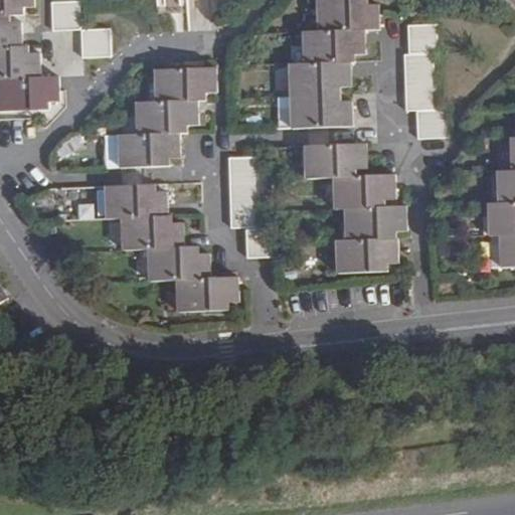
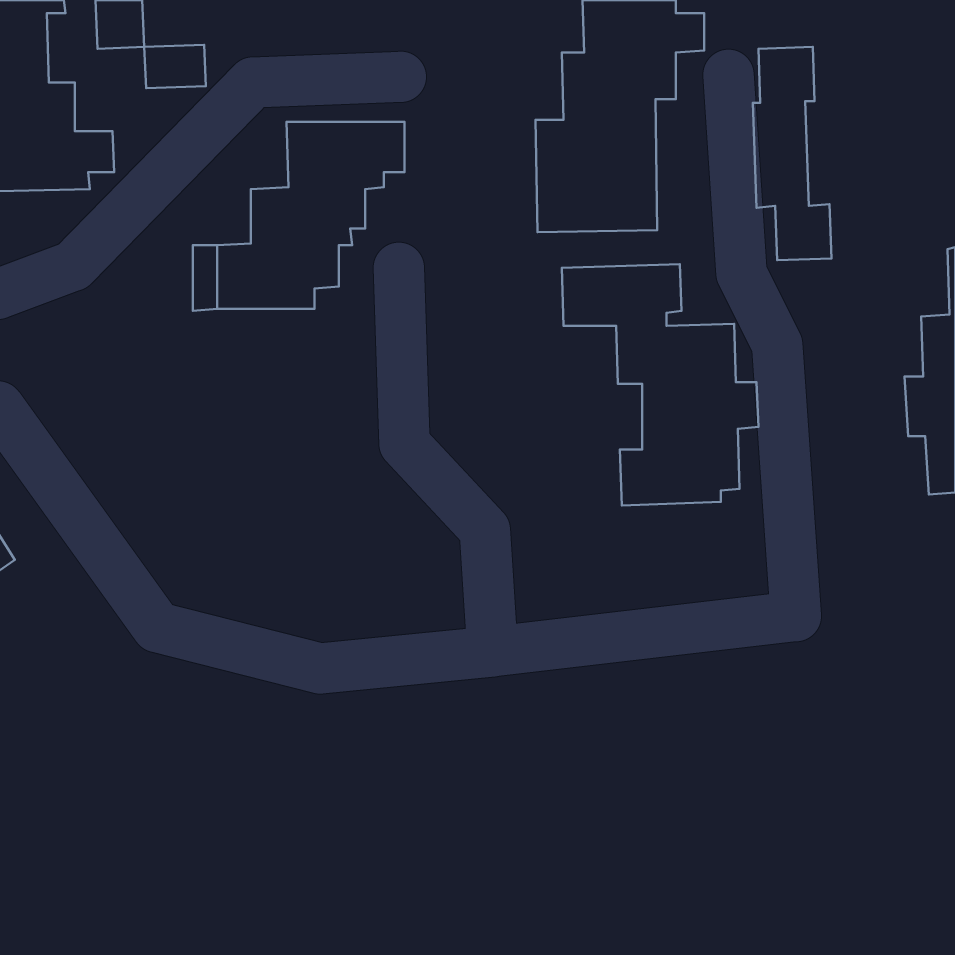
building: [227,159,274,260] -> none
building: [103,186,238,311] -> none

